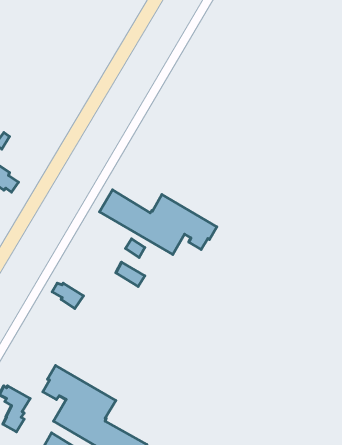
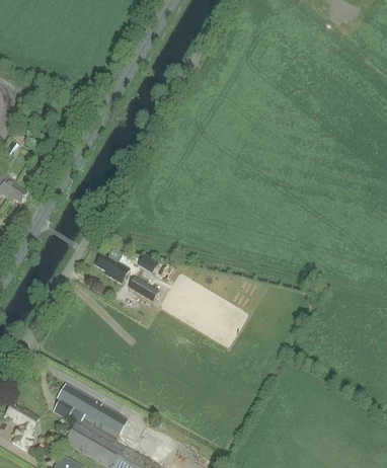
building: [100,190,217,255] -> none
building: [52,283,83,308] -> [96,255,129,282]

